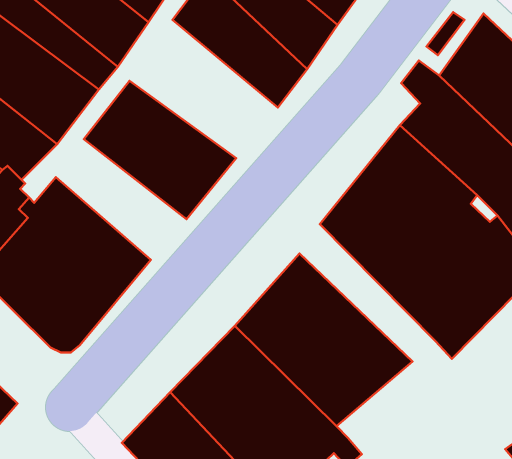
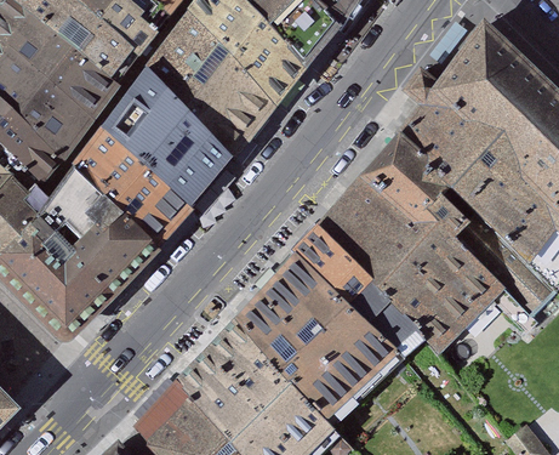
building: none -> [141,22,283,154]
building: none -> [70,136,195,251]
building: none -> [303,217,433,348]

